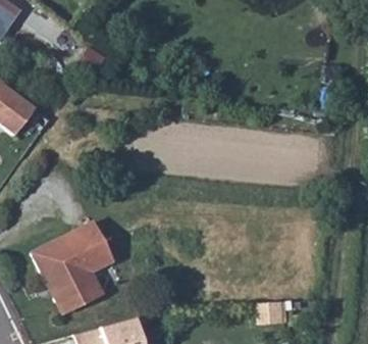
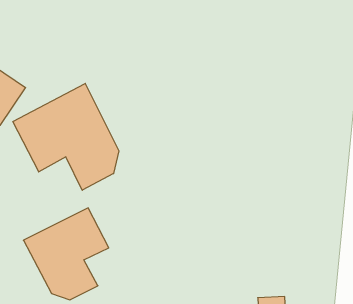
building: none -> [13,83,119,190]

